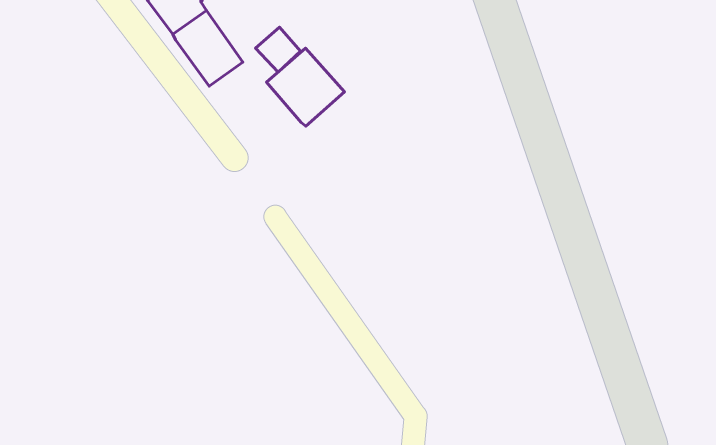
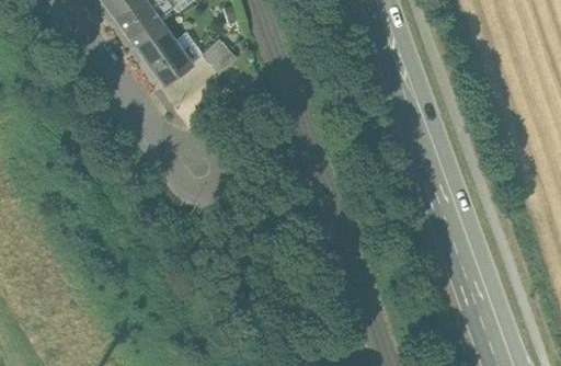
building: [267,48,345,126] -> none

